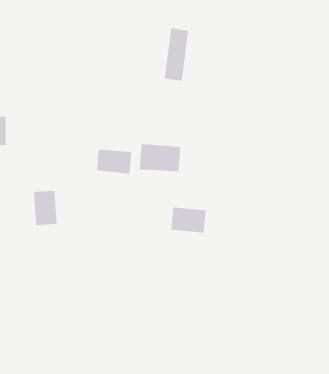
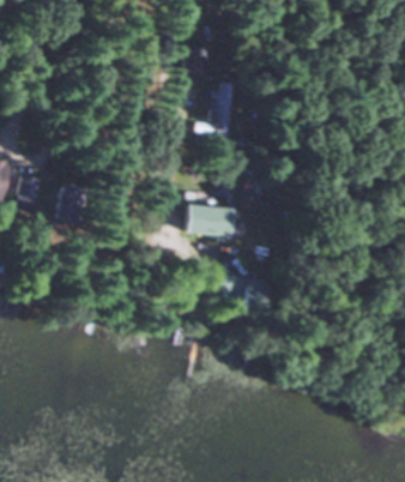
building: [97,149,132,175] -> none
building: [33,190,57,225] -> [55,185,81,223]

